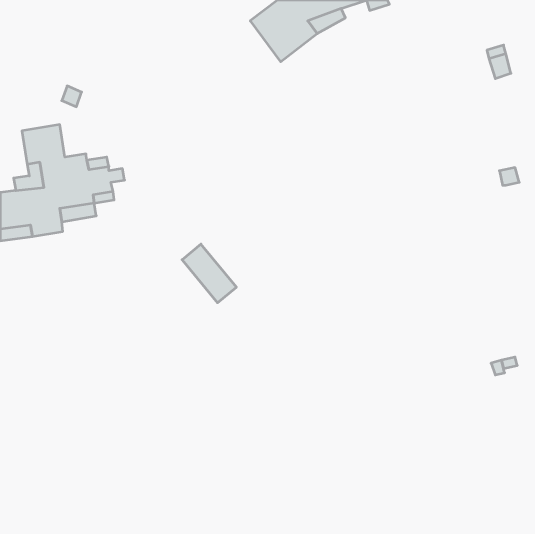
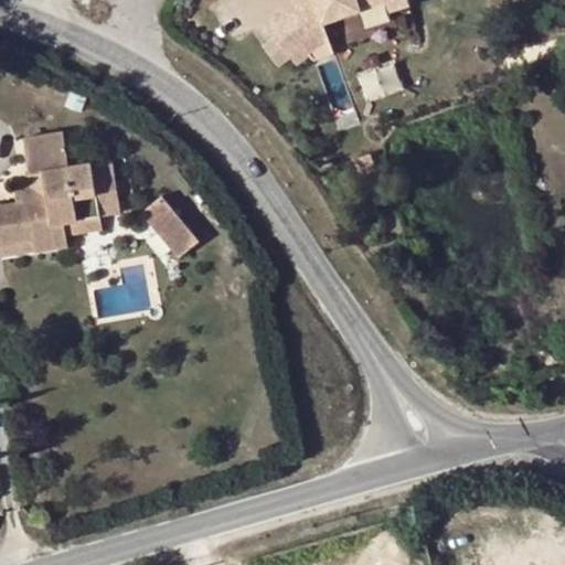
building: [182,244,236,303] -> [141,194,199,256]

